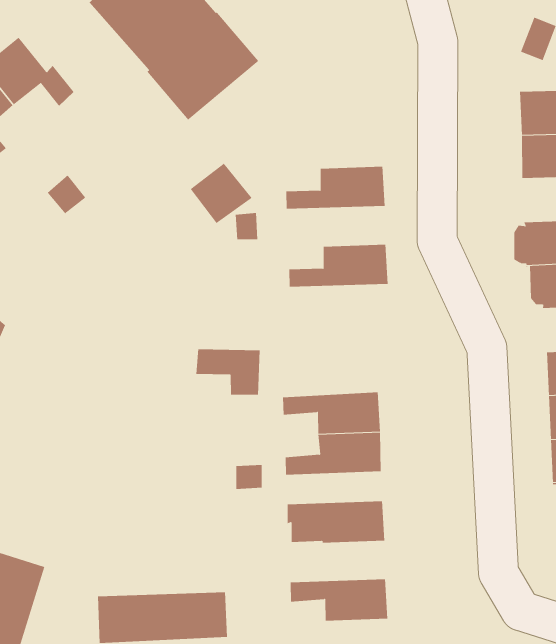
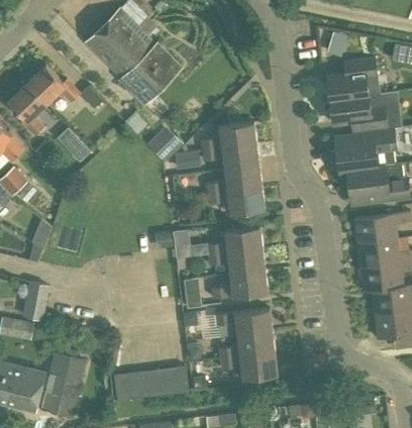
building: none -> [202,144,260,170]
building: none -> [207,188,265,214]
building: none -> [206,226,262,255]
building: none -> [219,331,274,358]

